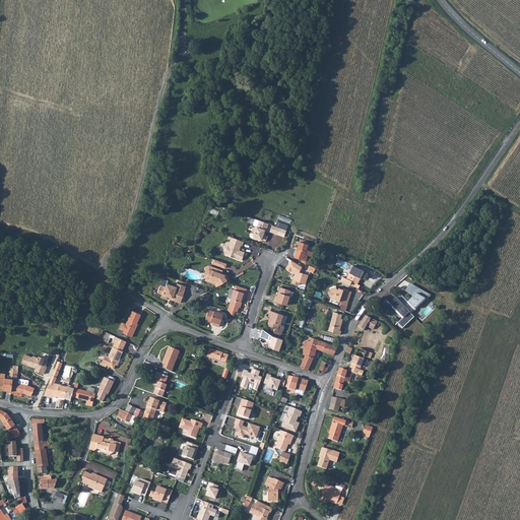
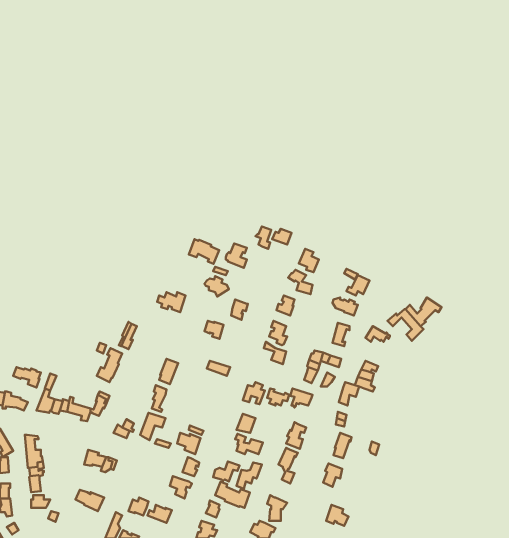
building: none -> [189,239,219,264]
building: none -> [215,482,250,508]

